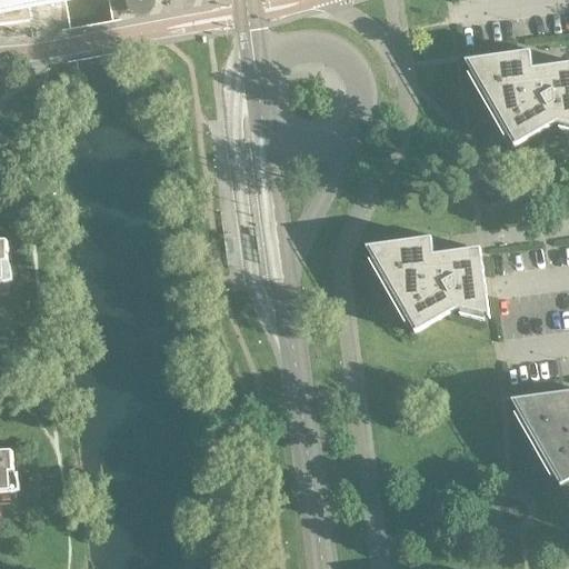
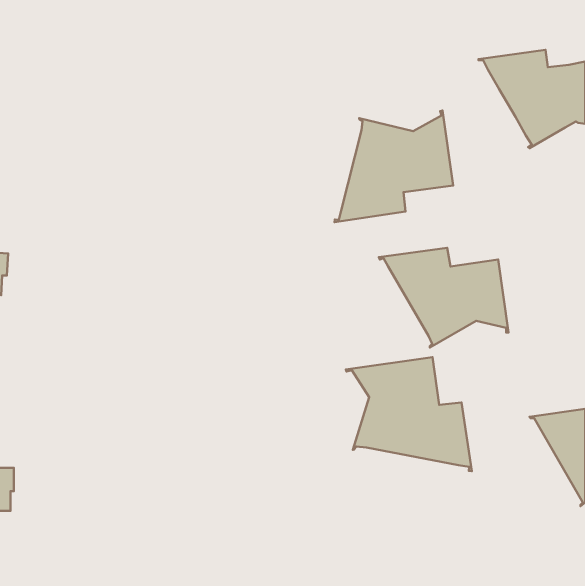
building: none -> [334,110,453,222]
building: none -> [346,357,472,471]

